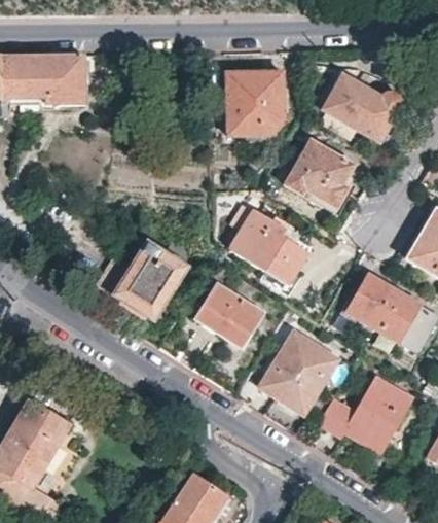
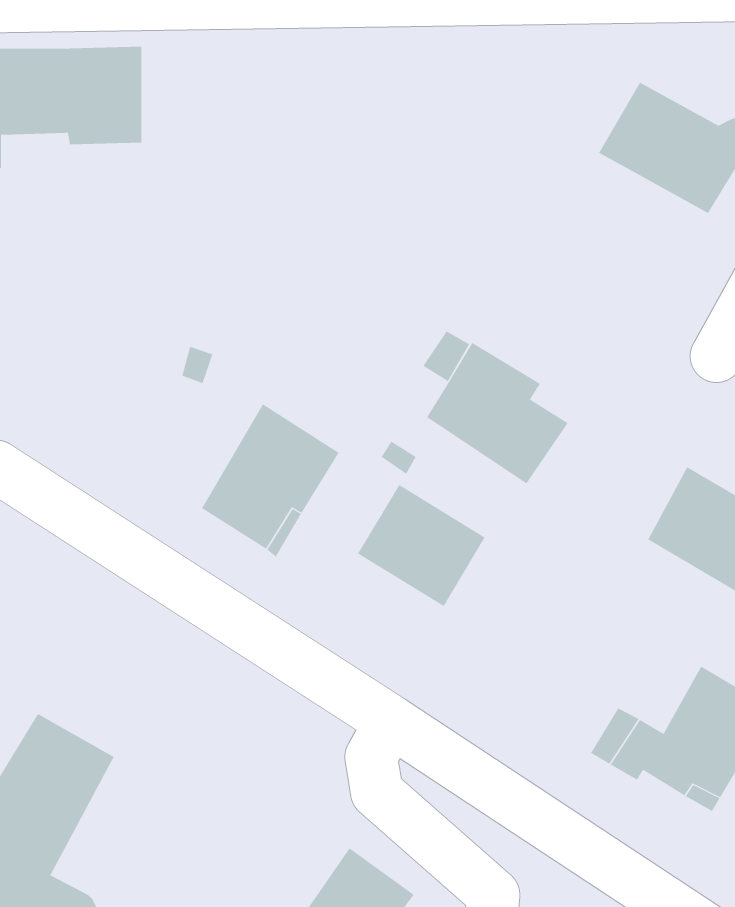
building: [226,70,284,134] -> none
building: [285,139,355,207] -> none
building: [260,332,337,413] -> none

